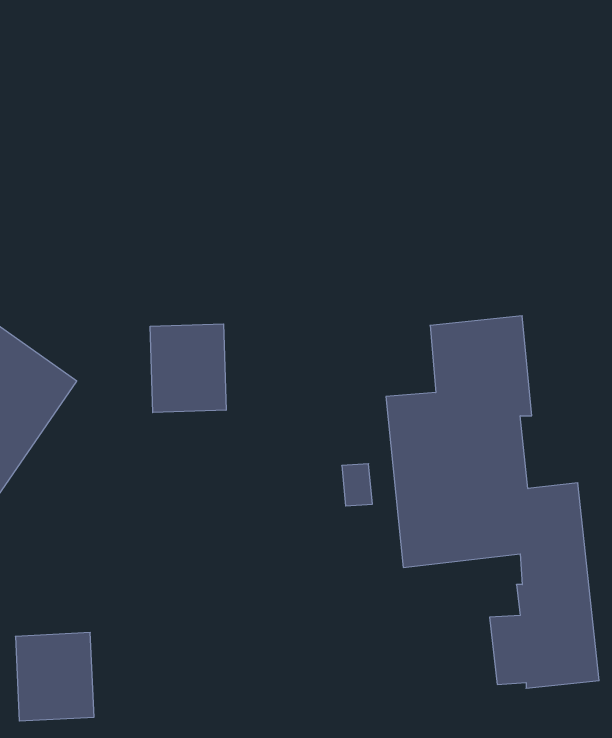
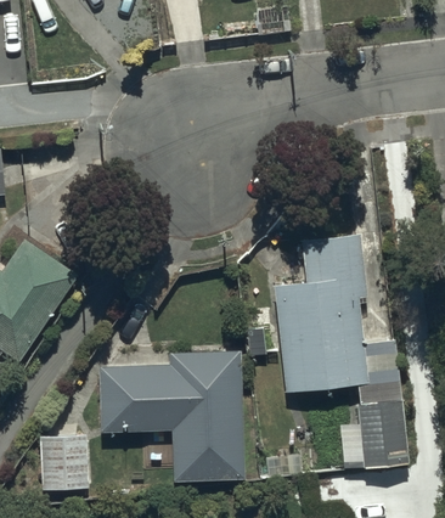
building: [150,324,226,413] -> none
building: none -> [100,350,246,482]

